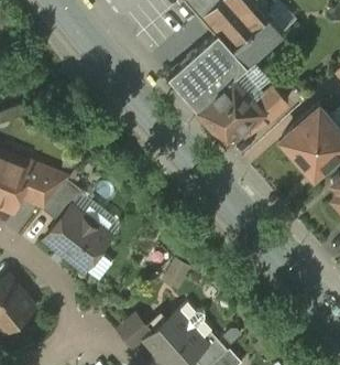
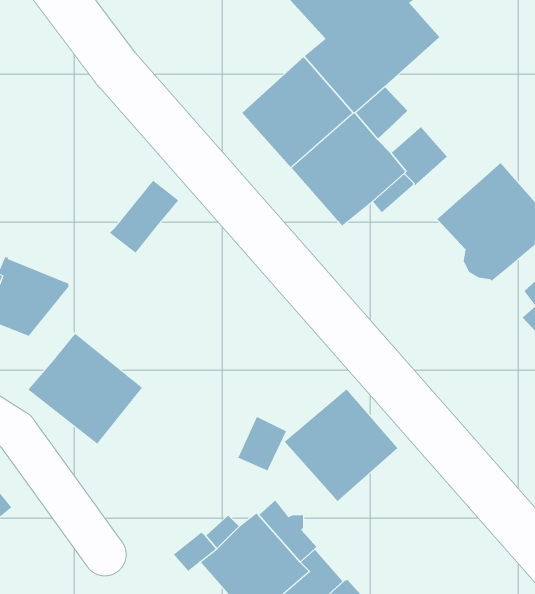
building: [43,182,84,225] -> [109,180,179,254]
building: none -> [284,388,398,502]

